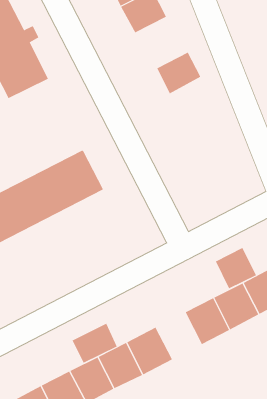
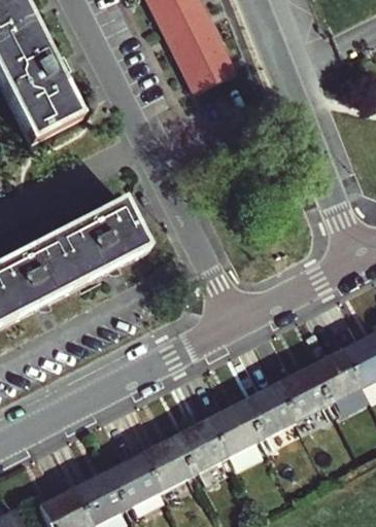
building: [156,52,201,94] -> [184,46,238,97]
building: [215,247,257,289] -> none
building: none -> [209,398,264,455]
building: [72,323,118,364] -> none

